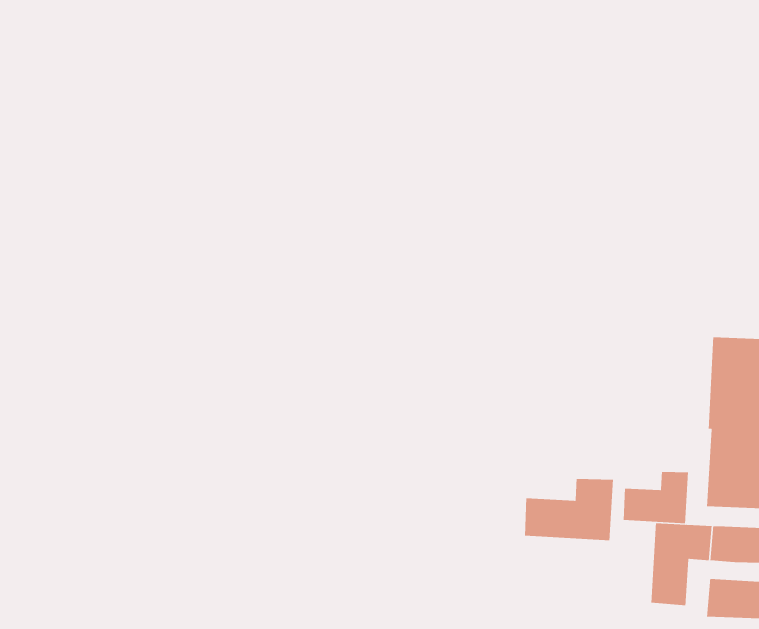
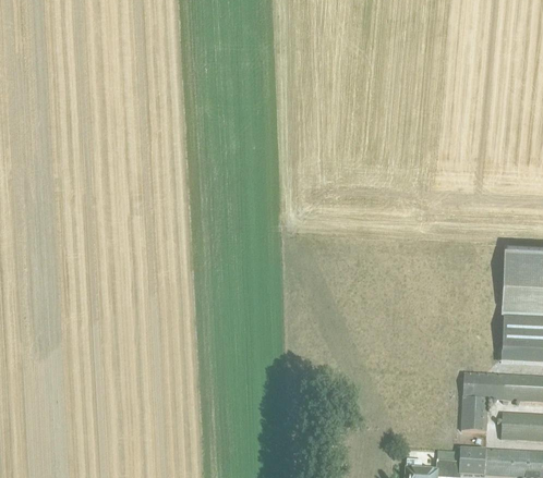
building: [623,471,689,524] -> none
building: [524,478,614,541] -> none

